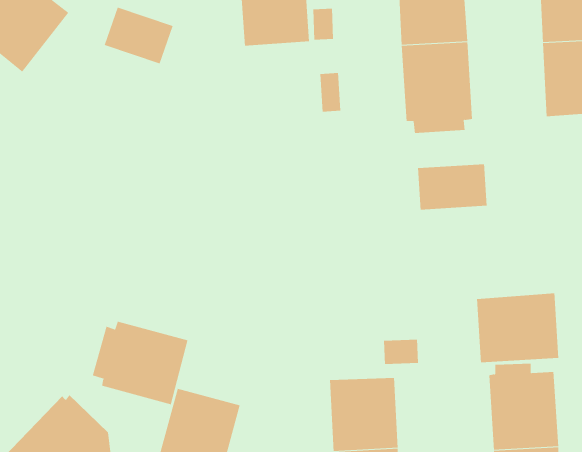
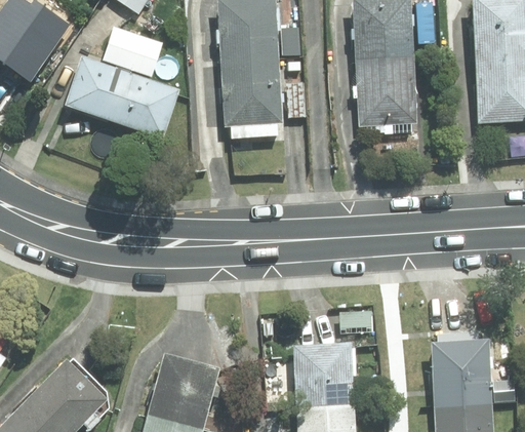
building: none -> [221,56,282,139]
building: none -> [65,57,177,138]
building: [417,163,487,210] -> none
building: [476,293,559,363] -> none
building: [92,321,188,405] -> none

